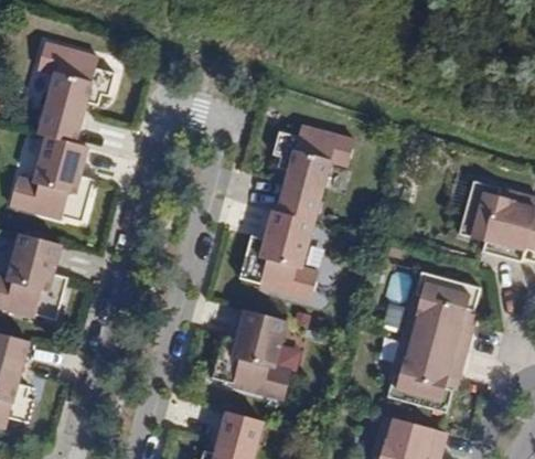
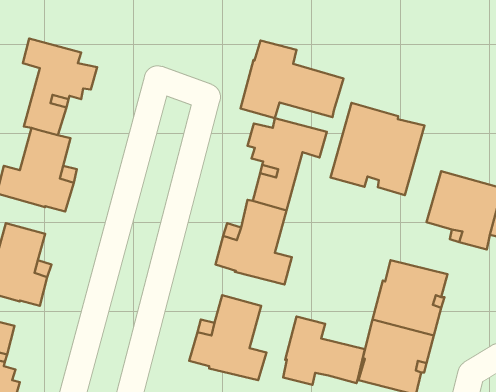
building: none -> [241,41,343,118]
building: none -> [330,103,424,195]
building: none -> [283,317,365,385]

